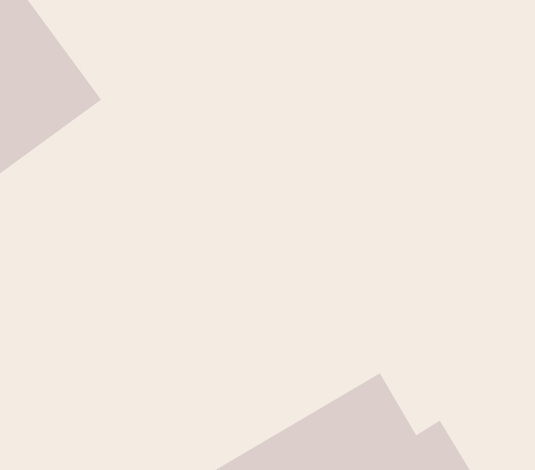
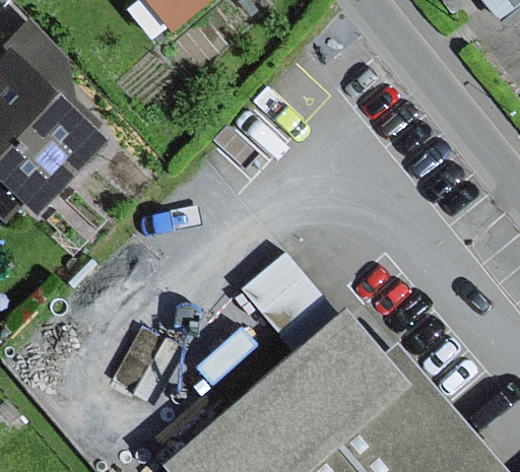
building: none -> [243,251,328,337]

